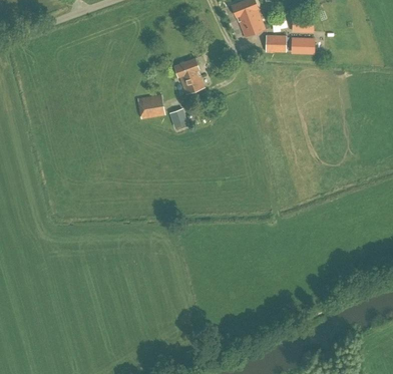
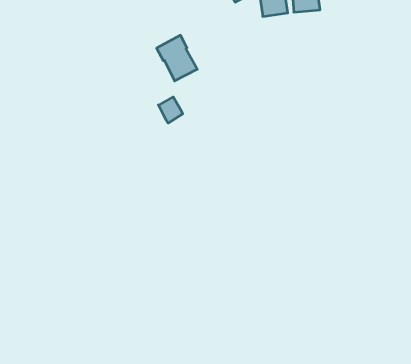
building: [138,95,165,119] -> none

